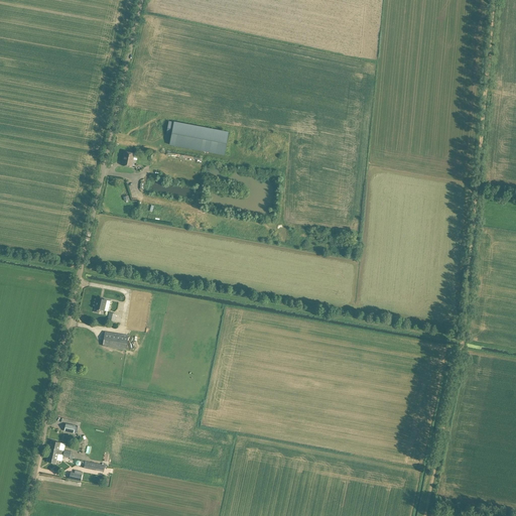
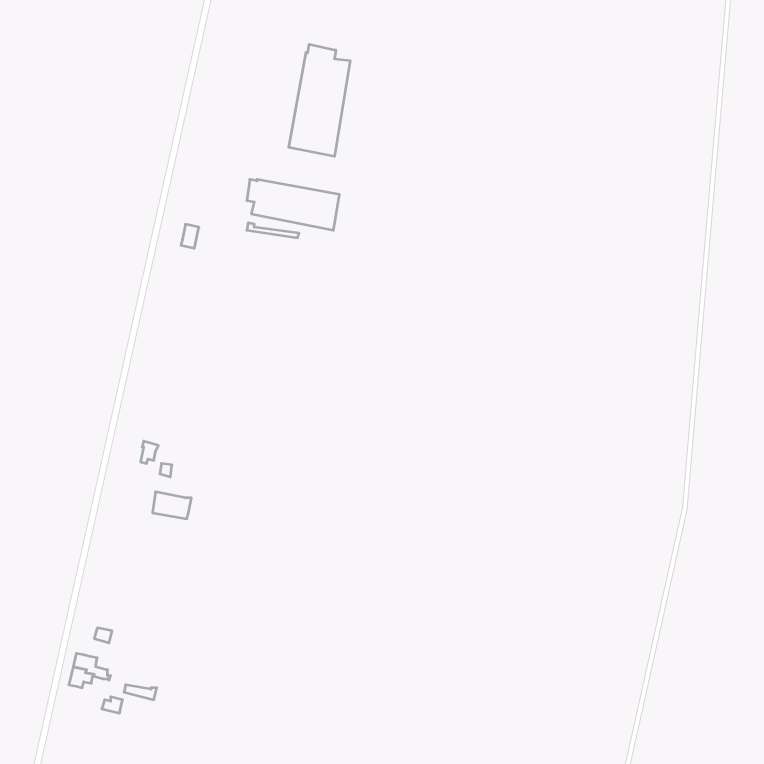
building: none -> [289,44,350,156]

